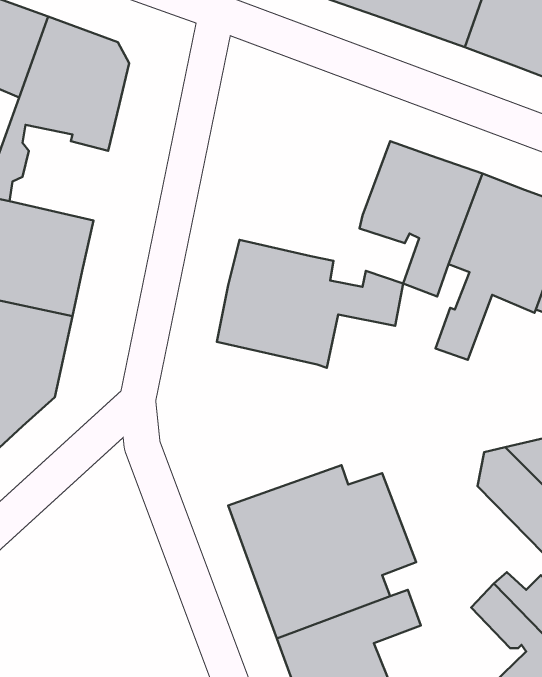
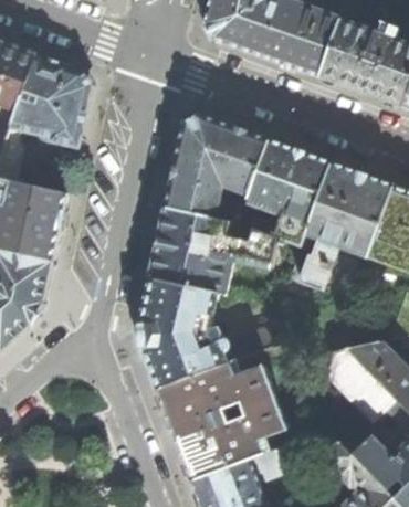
building: none -> [165,115,268,219]
building: none -> [136,277,292,389]

